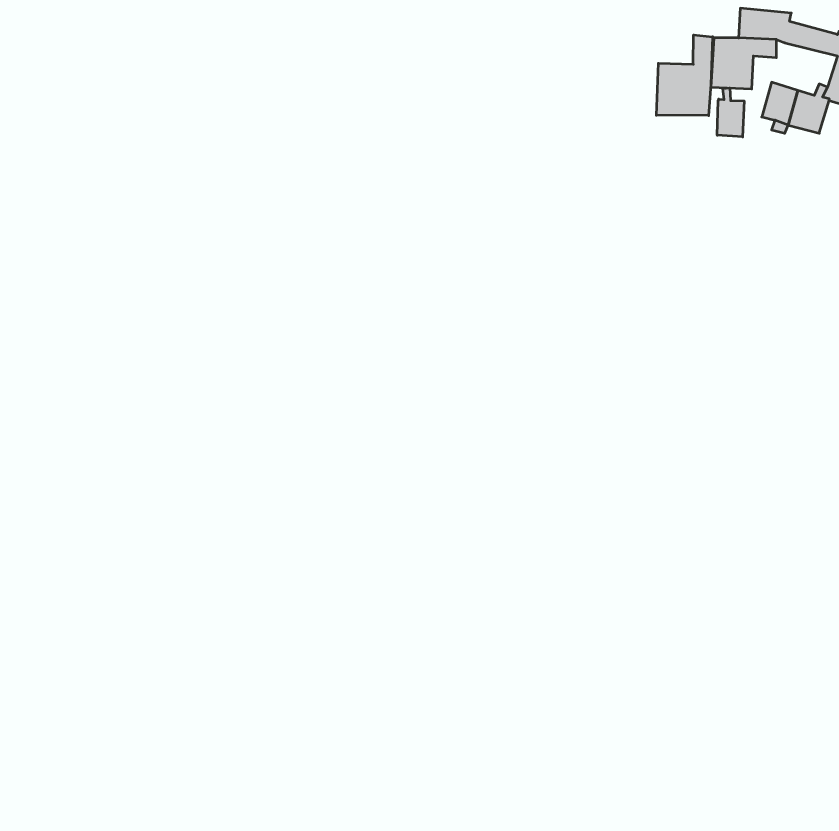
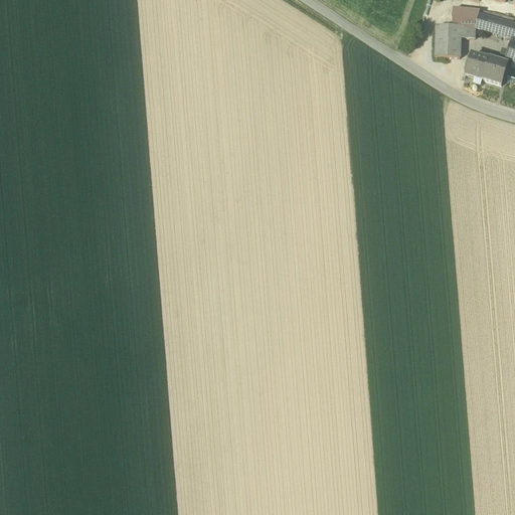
building: [656,35,713,116] -> none
building: [717,88,744,137] -> none

